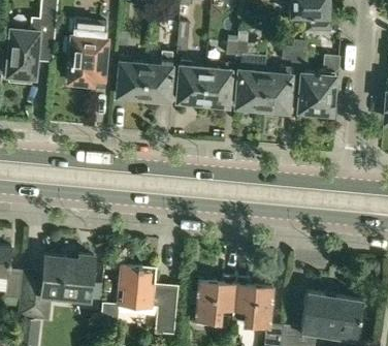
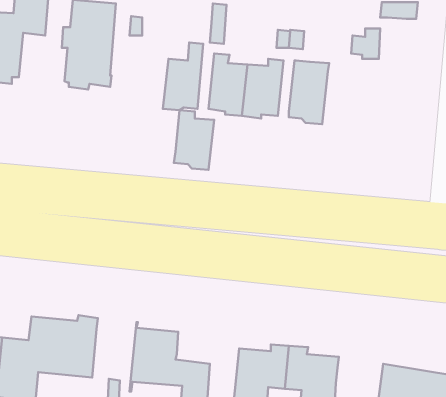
building: [116,56,146,100] -> [174,110,214,170]
building: [297,56,338,116] -> none
building: [260,67,291,113] -> none

